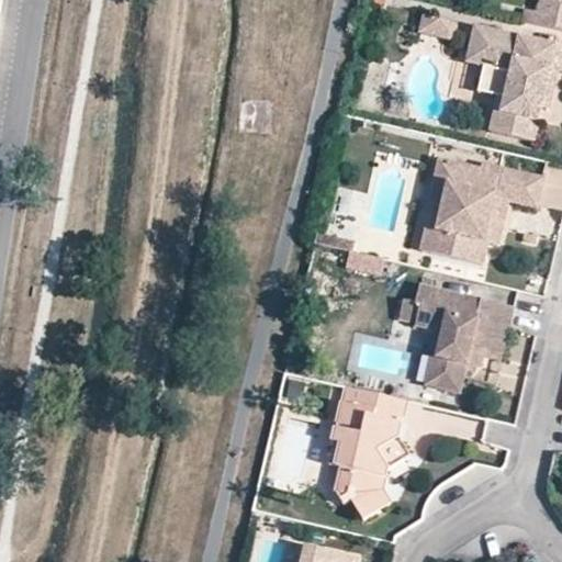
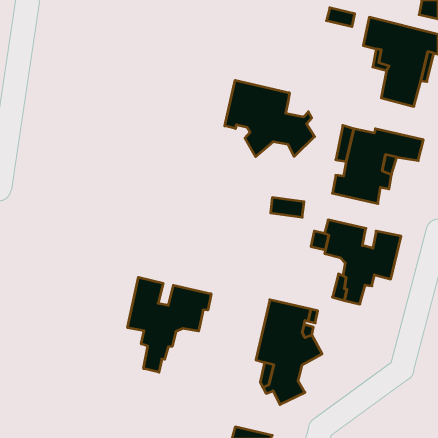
building: none -> [225,80,315,157]
building: none -> [128,277,211,372]

